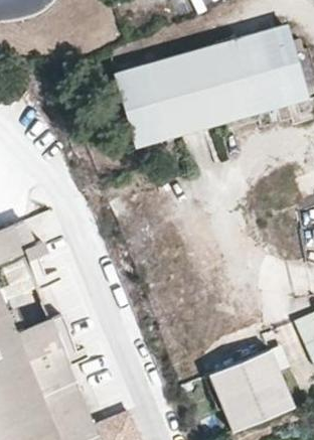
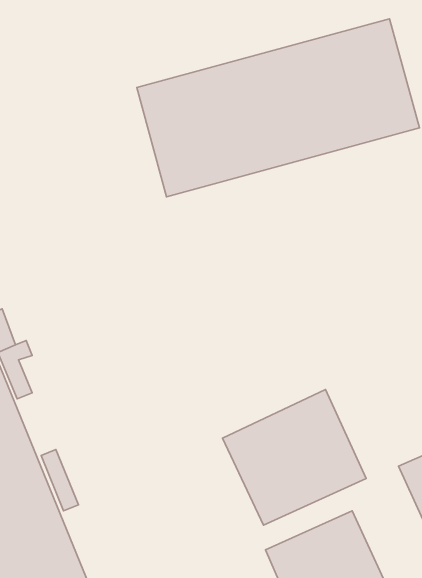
building: none -> [223,389,366,525]

